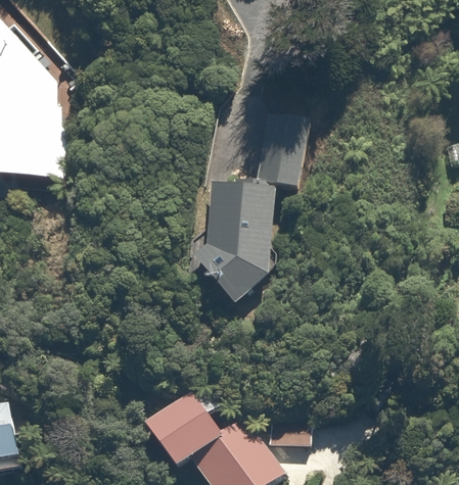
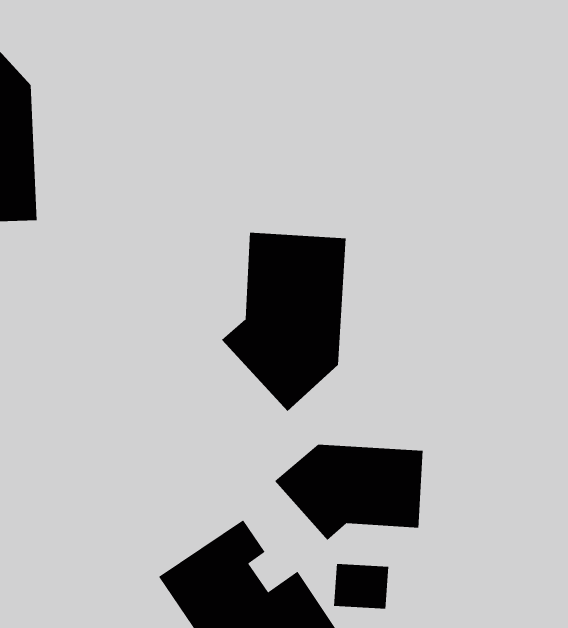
building: [256,122,310,187] -> none
building: none -> [274,444,423,541]

